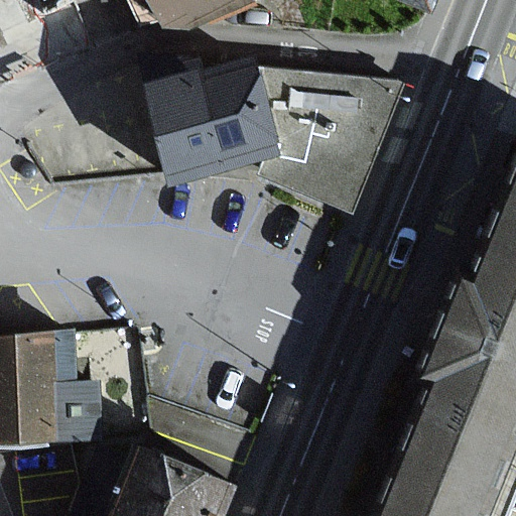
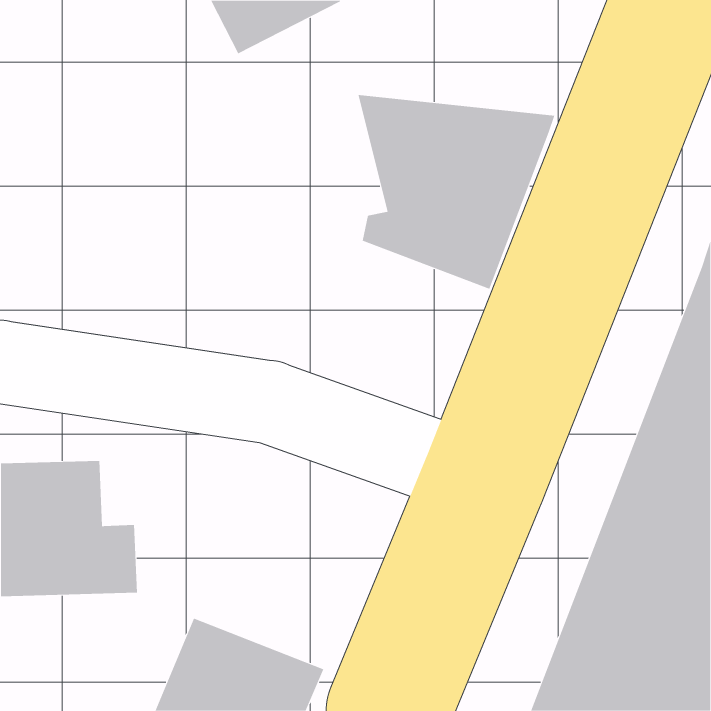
building: [149,61,280,180] -> none

